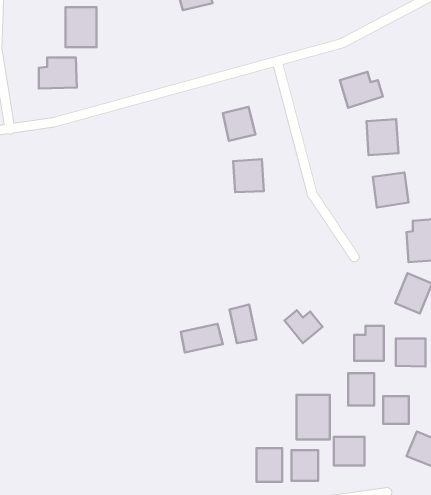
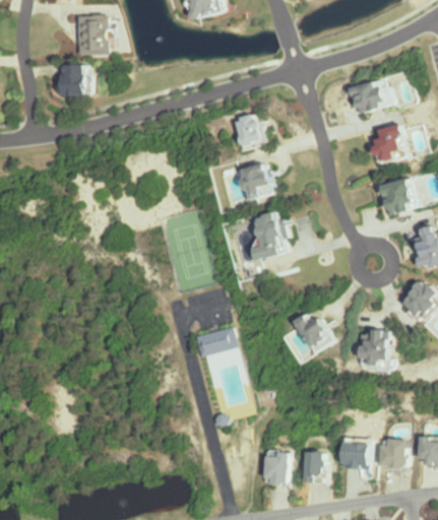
building: none -> [248,211,288,260]
building: [229,304,257,343] -> none
building: [396,338,425,367] -> none
building: [348,373,374,405] -> none
building: [296,395,330,439] -> none
building: [383,396,409,424] -> [383,441,409,468]

